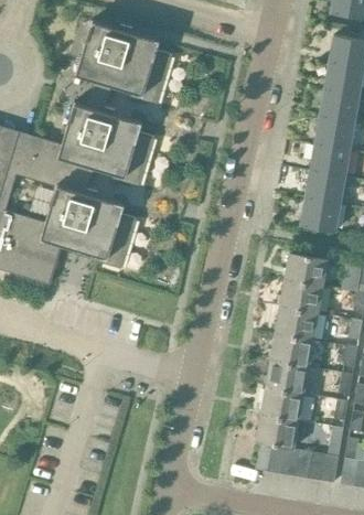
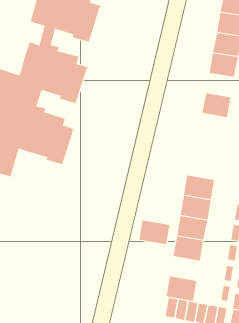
building: [310,144,349,176] -> none
building: [300,197,340,232] -> none
building: [285,253,328,287] -> none
building: [261,388,303,421] -> [139,220,170,245]

